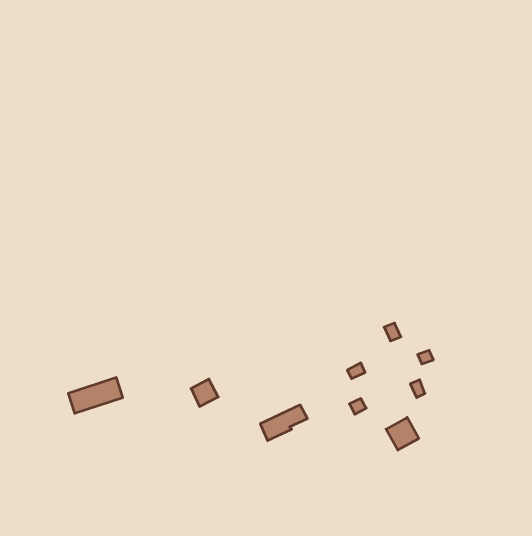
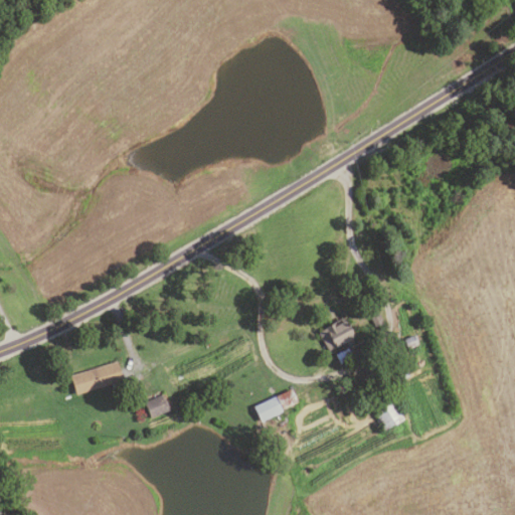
building: none -> [322,318,358,351]
building: [191,379,218,406] -> [144,392,170,418]

